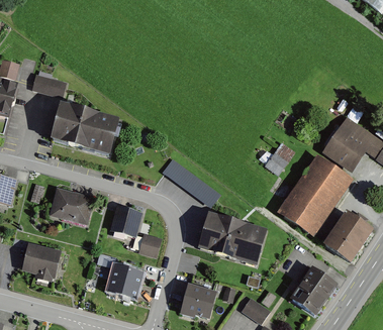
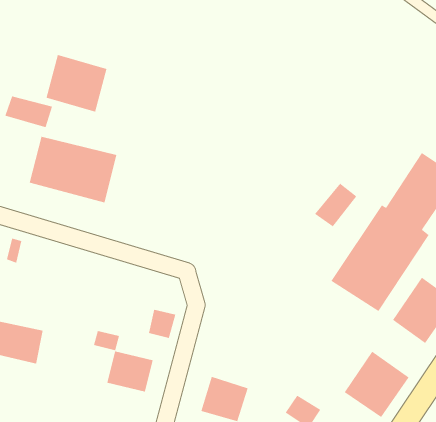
building: none -> [46,54,107,112]
building: [162,157,220,208] -> none
building: [50,188,94,224] -> none
building: [109,207,141,236] -> none
building: [197,213,267,264] -> none

